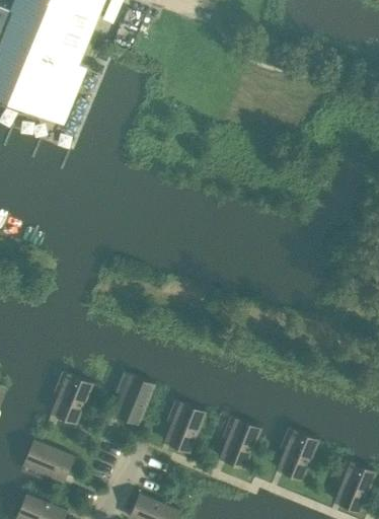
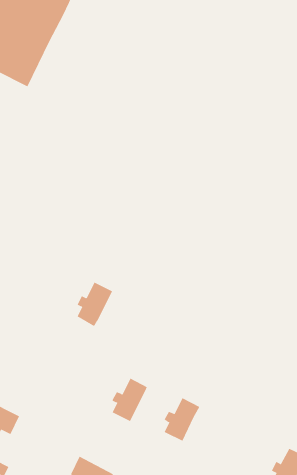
building: [55,378,91,424] -> none
building: [117,378,153,425] -> [77,282,113,327]
building: [281,434,317,480] -> none

